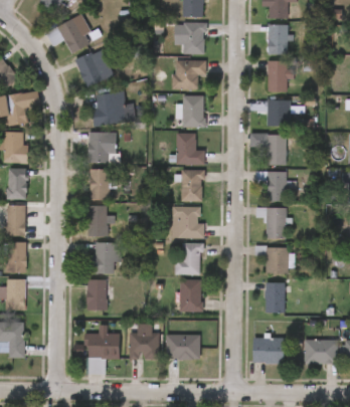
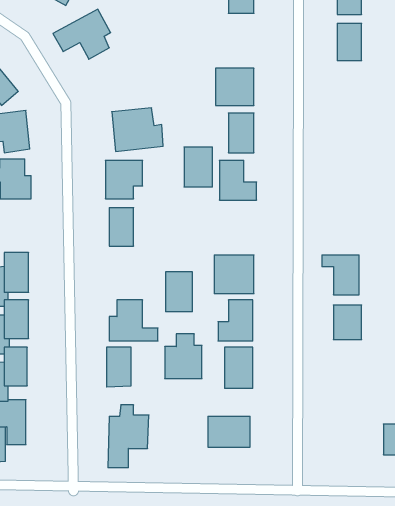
building: [183,23,205,54] -> none
building: [73,50,115,87] -> none
building: [269,60,291,91] -> none
building: [267,99,291,127] -> none
building: [267,135,286,165] -> none
building: [8,169,27,199] -> none
building: [181,170,203,201] -> [184,147,212,187]
building: [255,172,286,201] -> none
building: [88,205,109,236] -> [166,272,192,312]
building: [266,282,285,313] -> none
building: [130,324,159,359] -> [165,334,202,379]
building: [253,338,286,364] -> none

